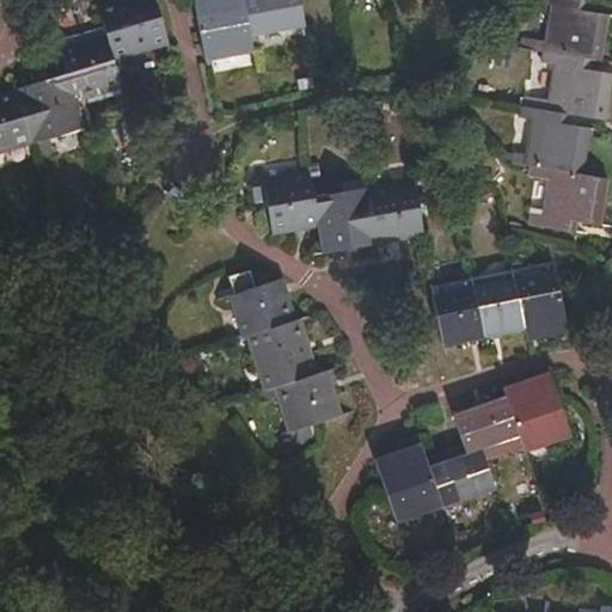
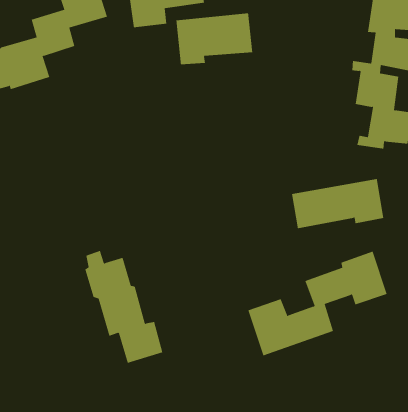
building: none -> [176,12,253,65]
building: [264,172,428,256] -> none
building: [227,269,339,430] -> [85,250,163,363]

